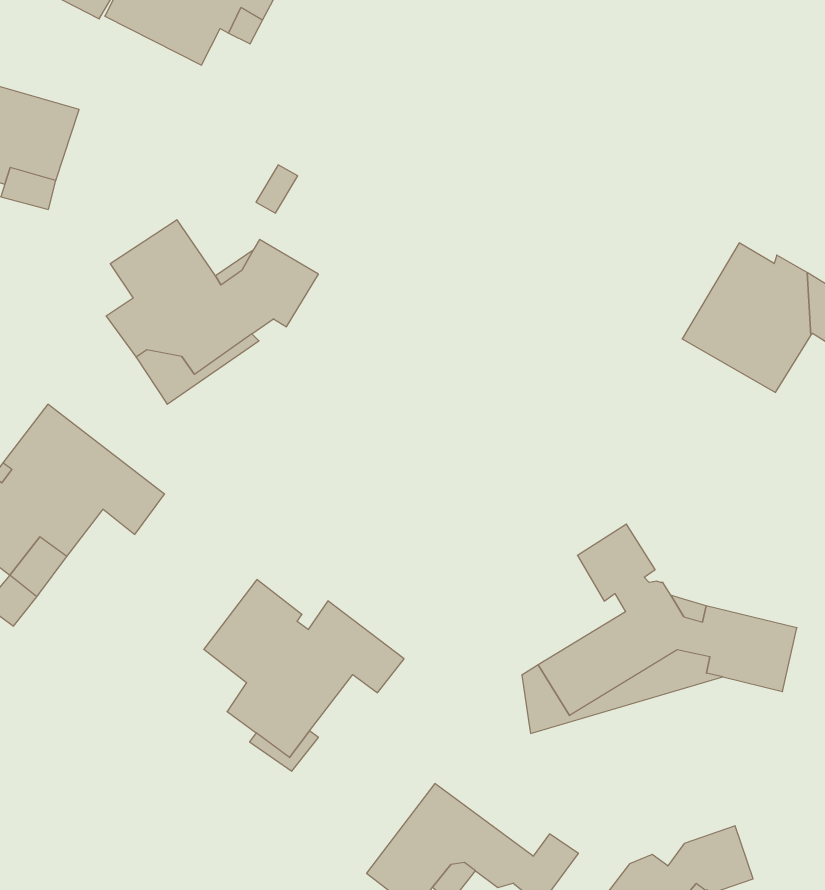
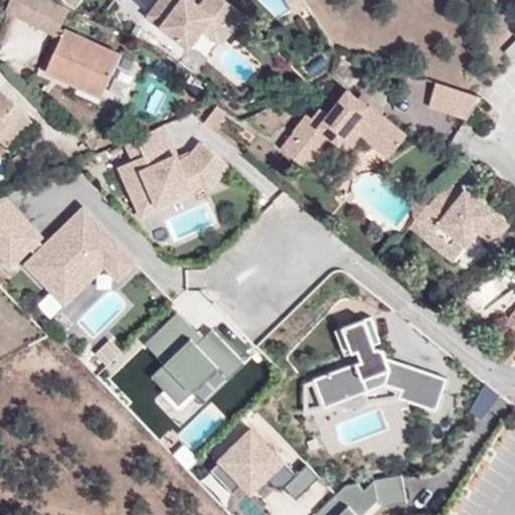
building: none -> [424,81,472,118]
building: none -> [278,89,406,166]

